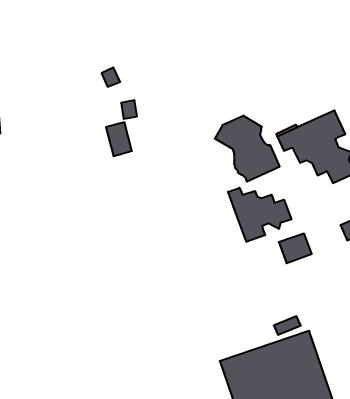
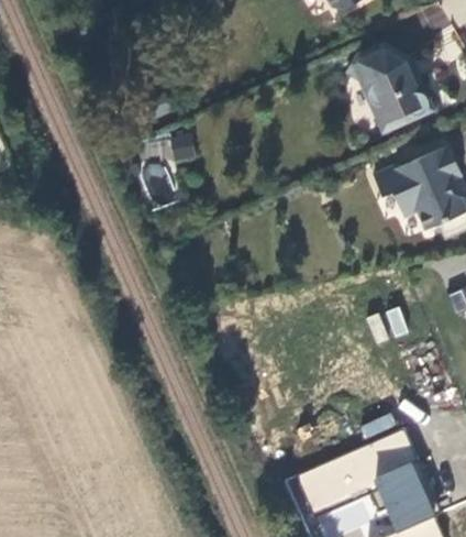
building: [215,116,280,182] -> [341,42,425,128]
building: [228,188,291,242] -> none

